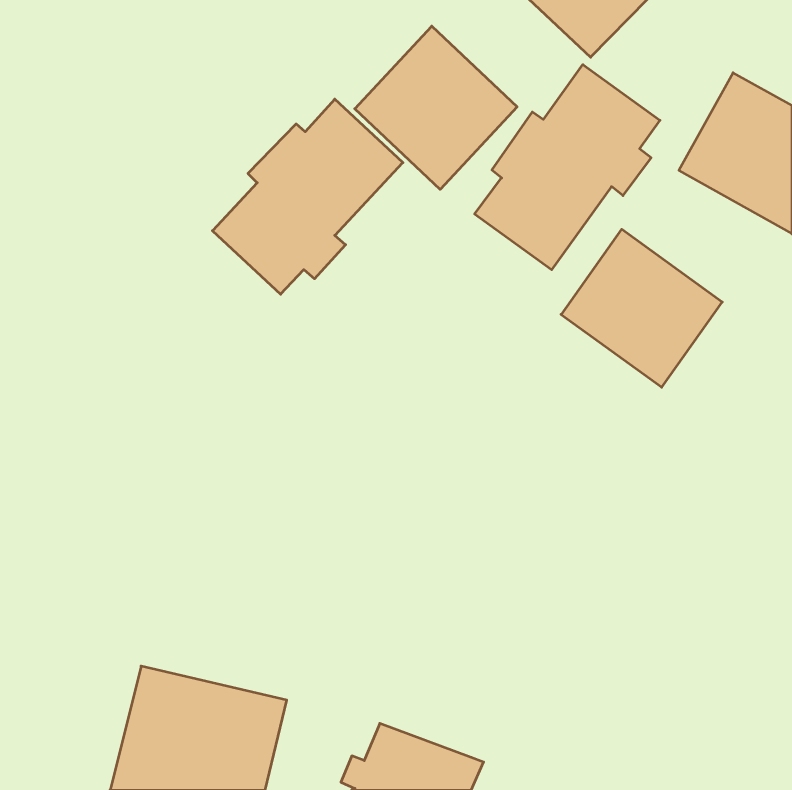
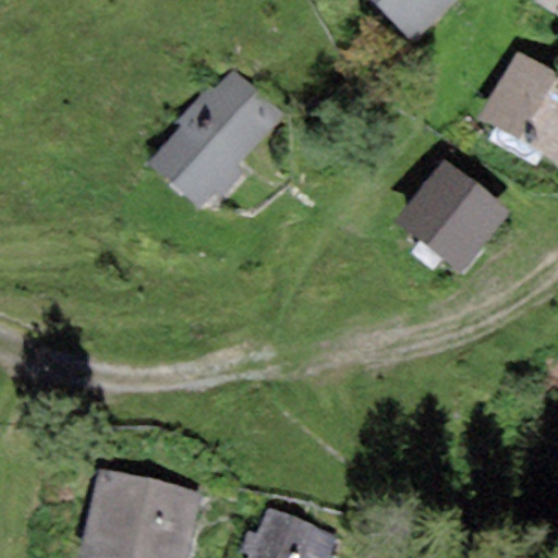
building: [355,26,517,189] -> none
building: [475,65,660,270] -> none

